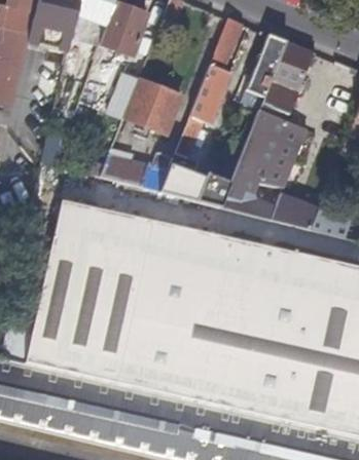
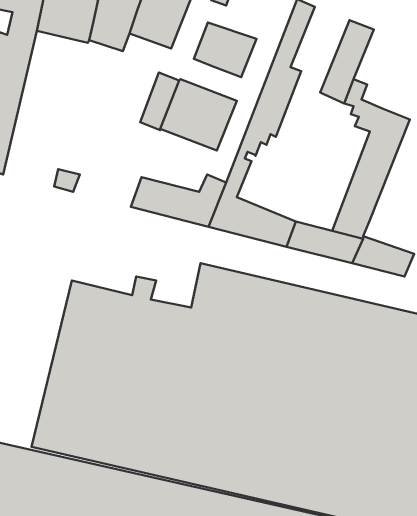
building: none -> [194,22,257,77]
building: [272,41,314,102] -> none
building: [227,110,284,195] -> none
building: [56,199,154,254] -> none

